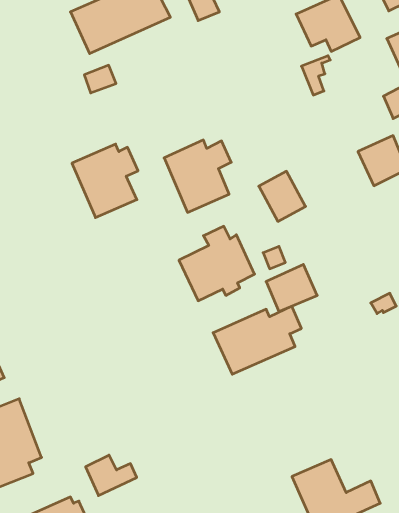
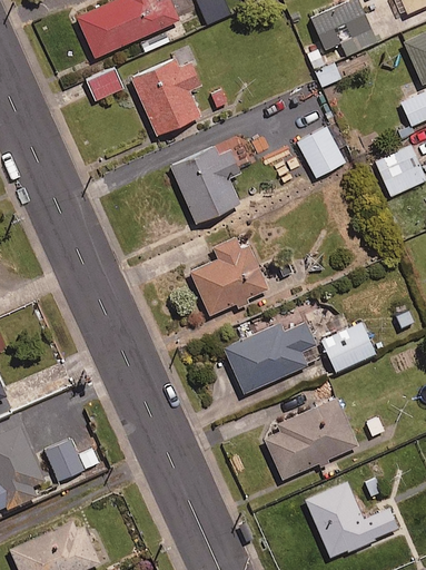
building: [72,144,138,218] -> [132,59,201,136]
building: [259,171,306,221] -> [297,126,346,178]
building: [266,264,317,311] -> [323,322,376,371]
building: none -> [264,399,357,479]
building: [86,455,137,496] -> [46,439,99,481]

